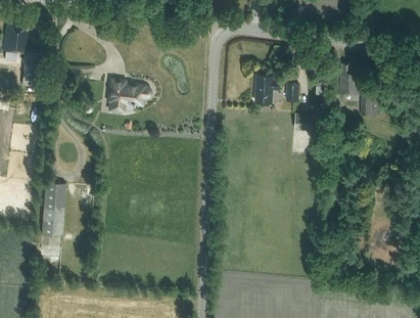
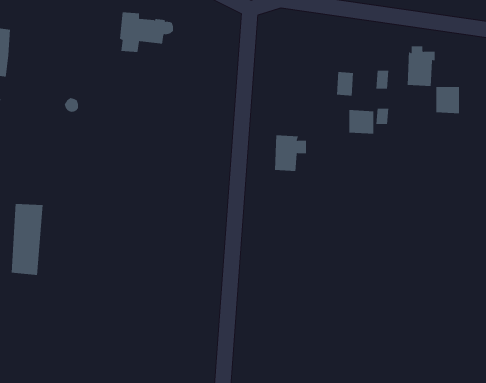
building: [254,75,279,102] -> [274,135,307,171]
building: [108,80,149,110] -> [119,12,174,52]

